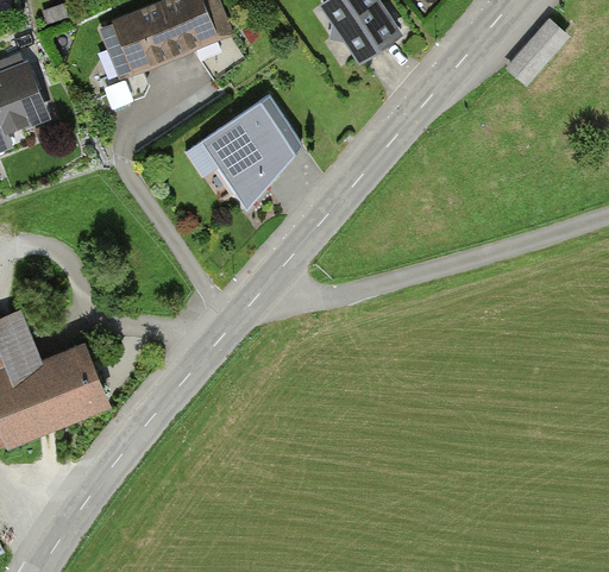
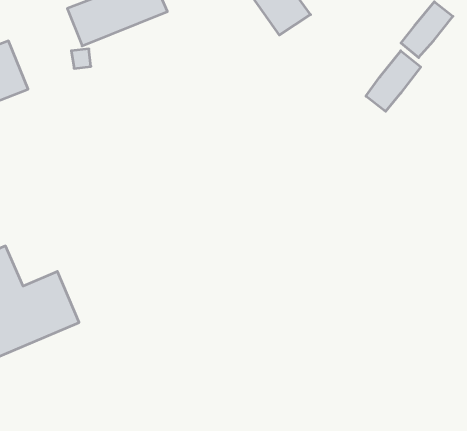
building: none -> [366,51,421,111]
building: [196,94,299,208] -> none

